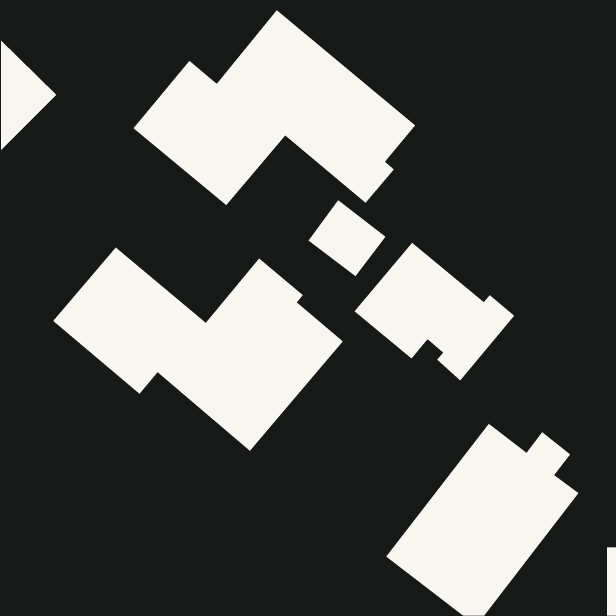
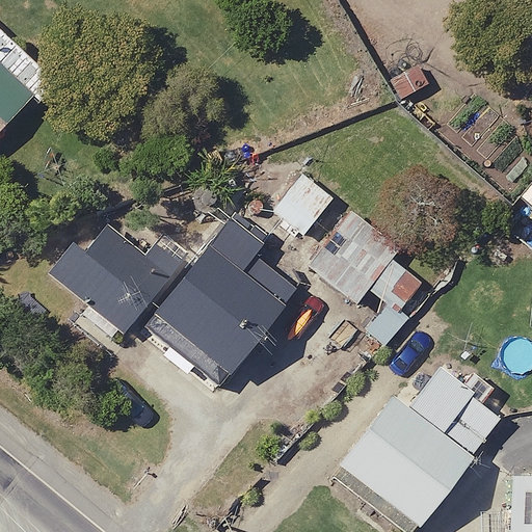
building: [132,9,416,206] -> none

